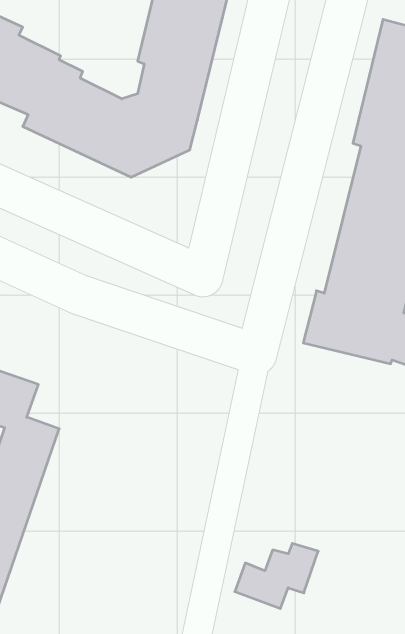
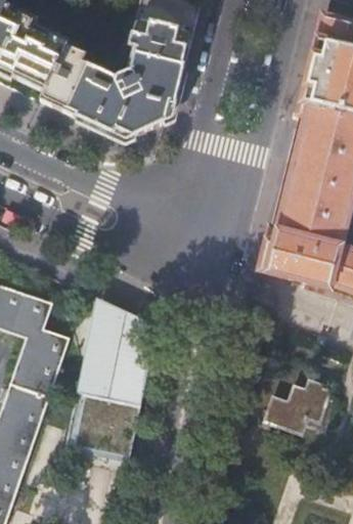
building: none -> [74,299,153,455]
building: [235,543,318,609] -> [263,381,328,432]

